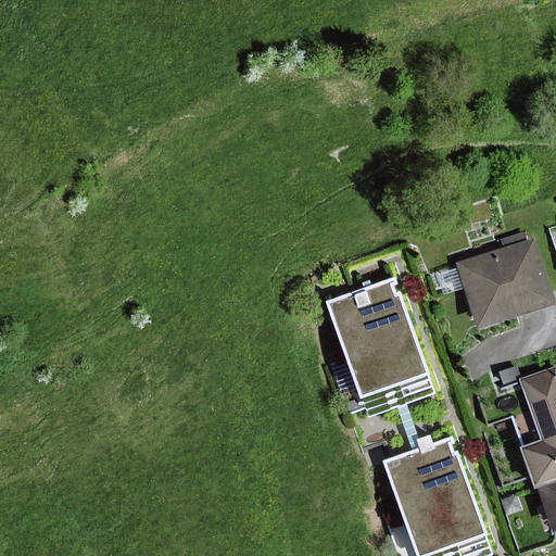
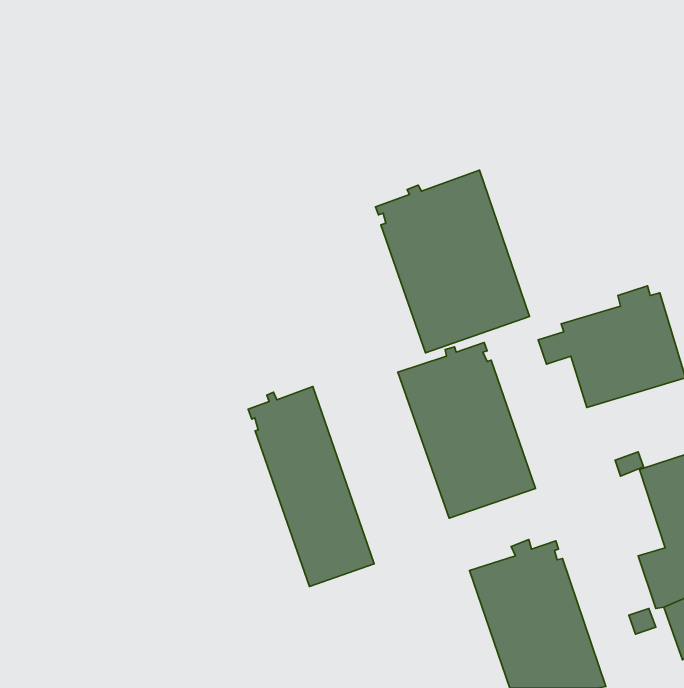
building: none -> [375,170,530,353]
building: none -> [248,386,374,587]

